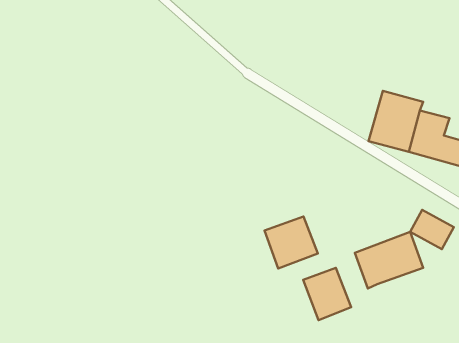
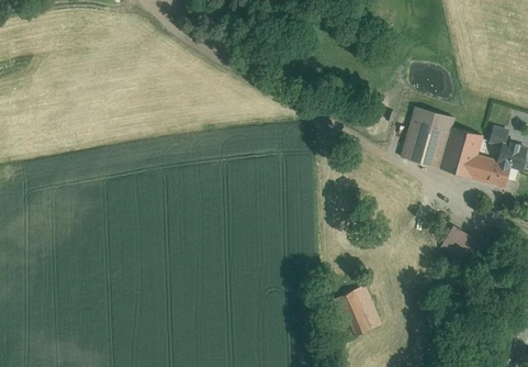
building: [265,216,318,268] -> none
building: [355,232,423,289] -> none

